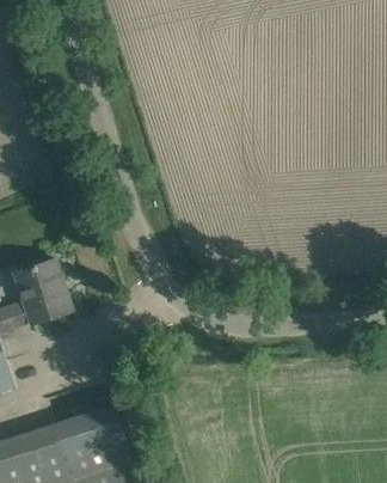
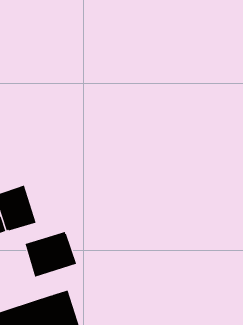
building: none -> [25,231,77,278]

